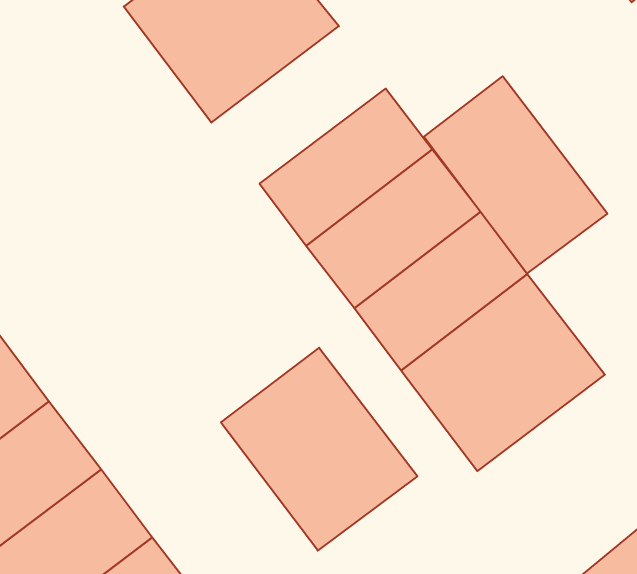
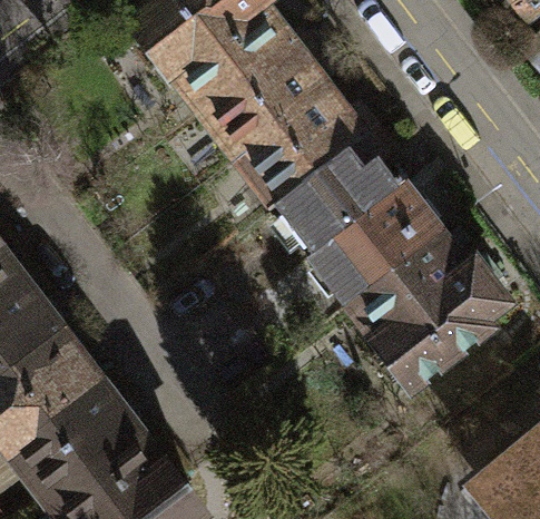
building: none -> [197,36,334,159]
building: [424,76,607,274] -> none
building: [221,348,417,551] -> none

